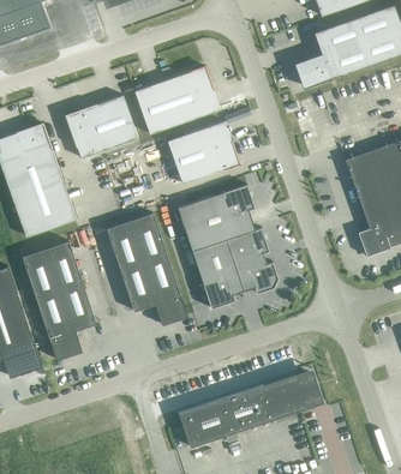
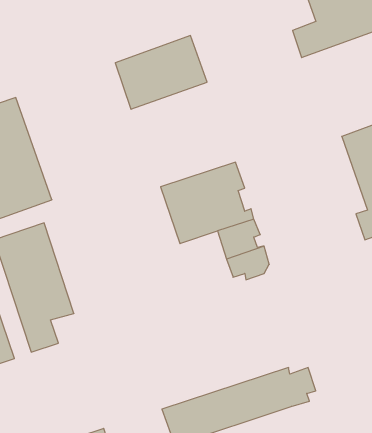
building: [66,95,138,158] -> none
building: [167,121,239,184] -> none
building: [106,212,187,324] -> none
building: [194,247,244,308] -> none

